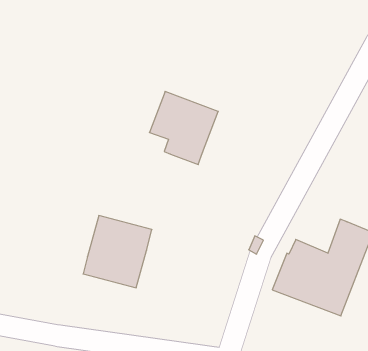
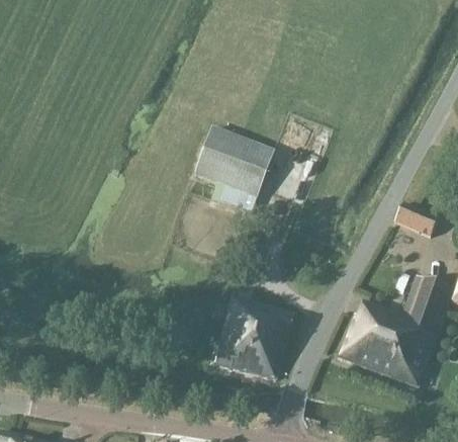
building: none -> [395,202,439,237]
building: [83,216,152,288] -> [214,296,294,380]

